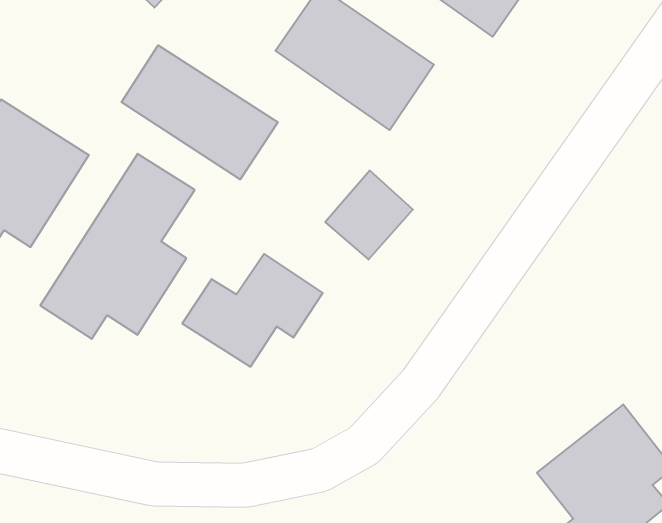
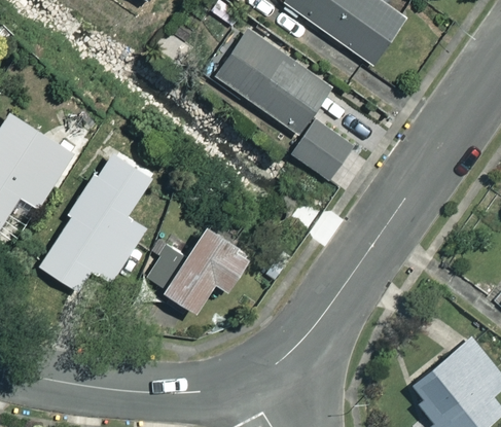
building: [122,45,278,180] -> none
building: [325,171,413,260] -> [290,118,355,184]

